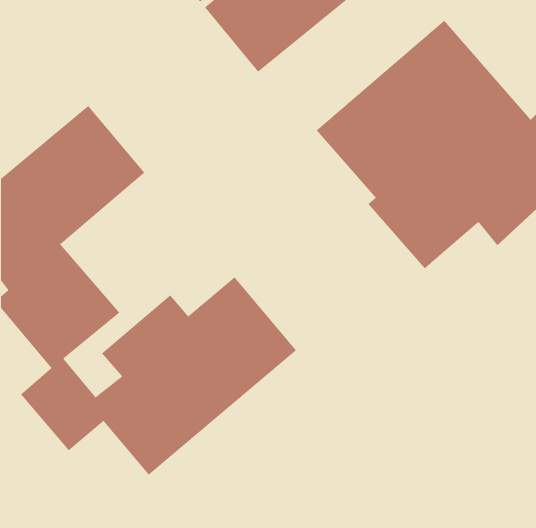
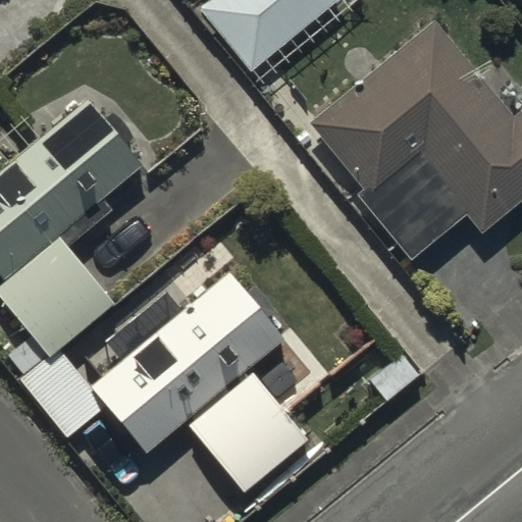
building: none -> [190,376,310,498]

